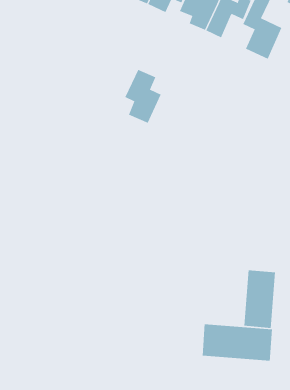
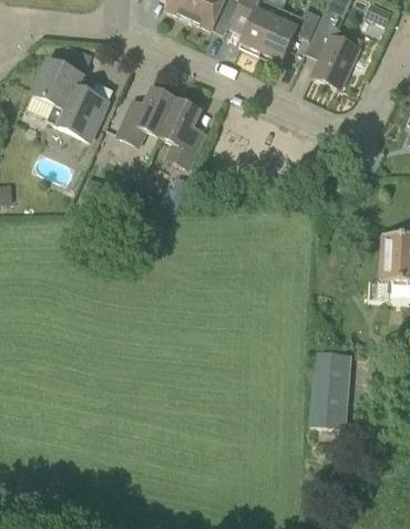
building: none -> [33,60,111,143]
building: none -> [114,90,176,147]
building: [202,323,272,361] -> none

